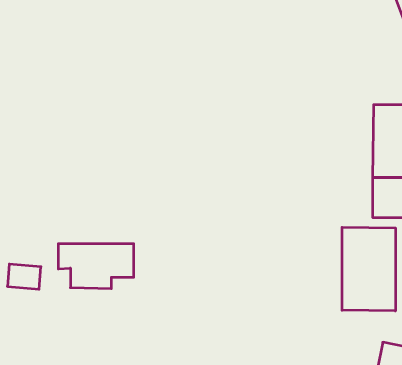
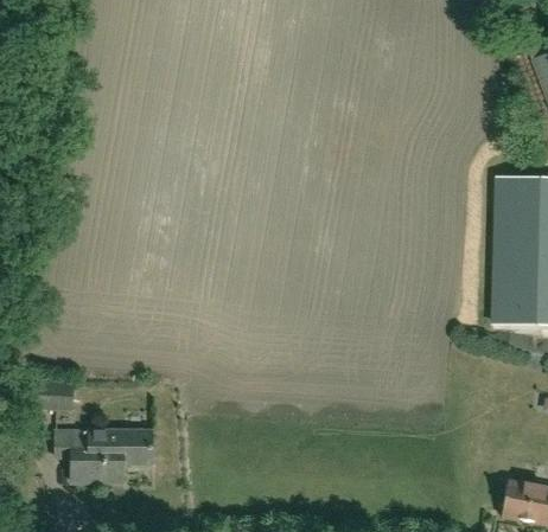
building: [342,227,395,311] -> none
building: [58,244,134,289] -> [56,425,152,482]

